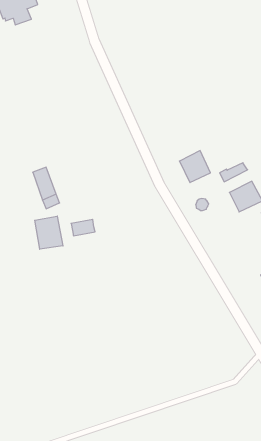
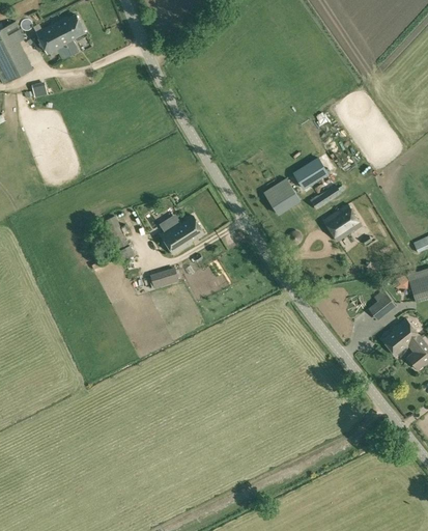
building: none -> [292,157,325,187]
building: none -> [161,215,204,254]
building: [35,216,63,249] -> none

